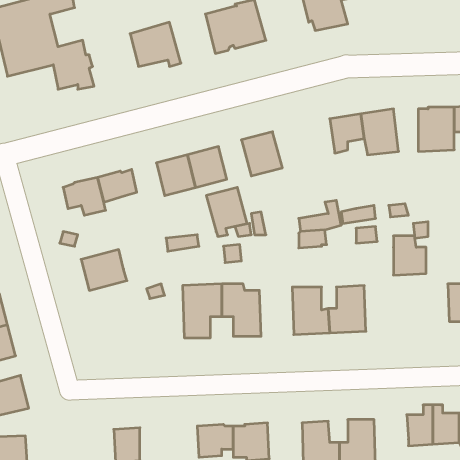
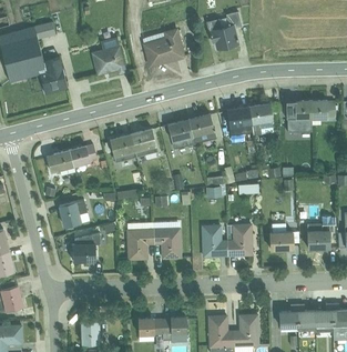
building: [206,187,247,236] -> [188,113,216,147]
building: [393,236,426,275] -> [271,223,293,250]
building: none -> [73,233,100,261]

